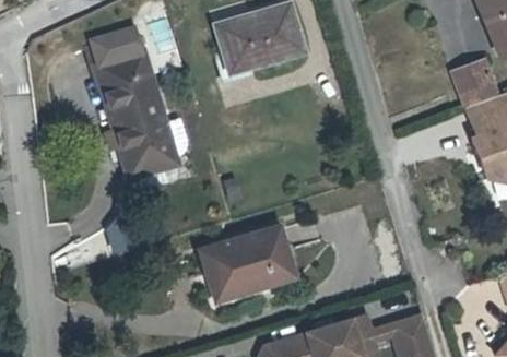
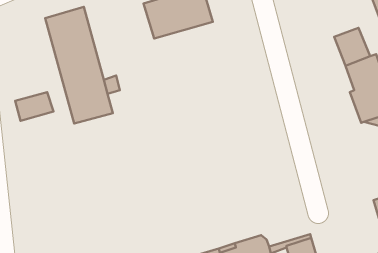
building: none -> [15,92,54,121]
building: [201,228,293,297] -> none

